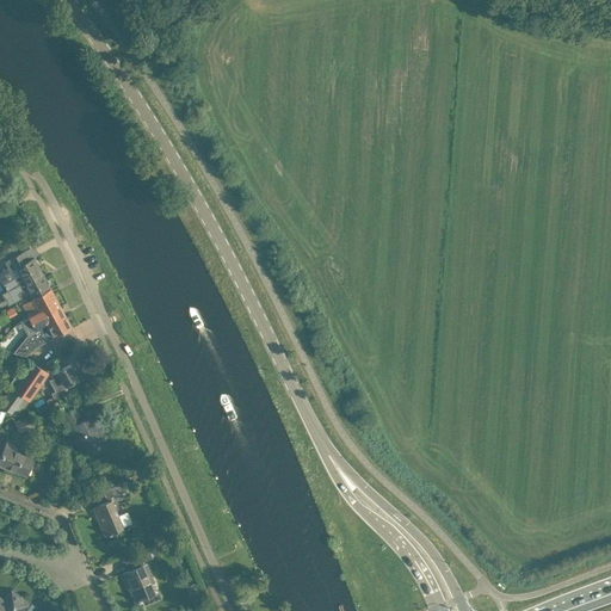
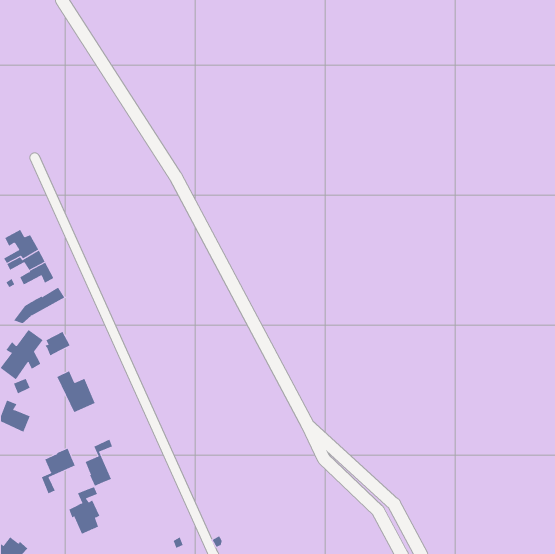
building: [26,304,64,332] -> none
building: none -> [41,448,76,494]
building: [121,550,155,603] -> [69,487,100,534]

